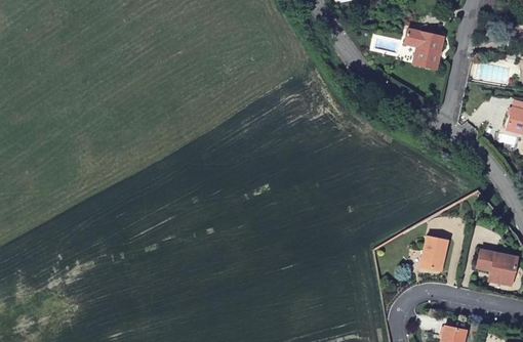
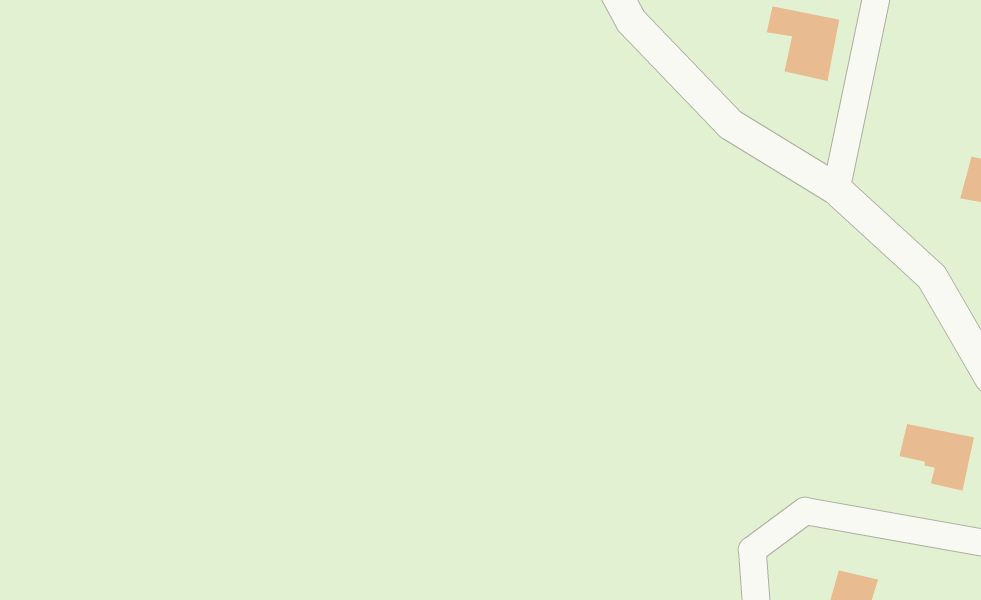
building: [420,232,449,268] -> none

